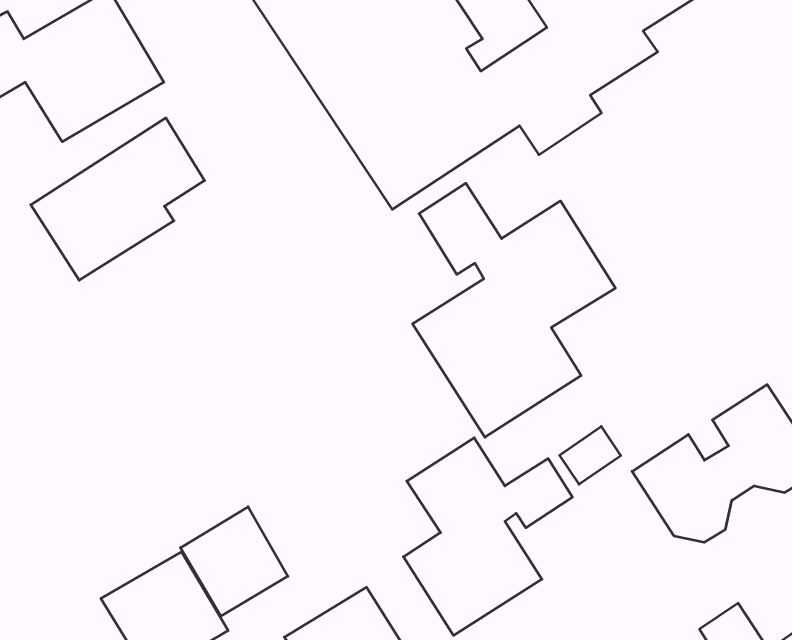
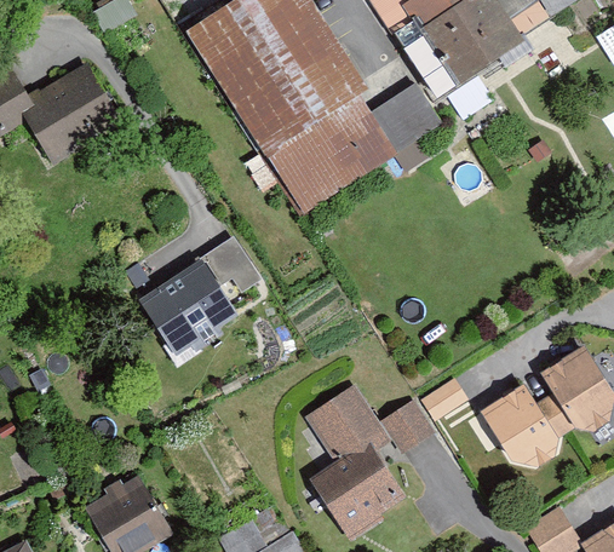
building: [31,118,205,280] -> [132,234,263,356]
building: [413,183,615,437] -> none
building: [180,507,288,616] -> none

